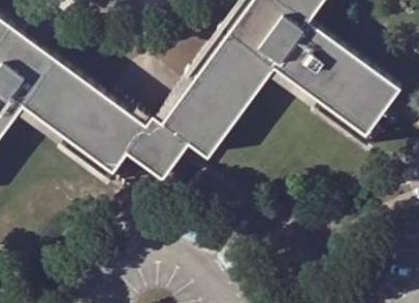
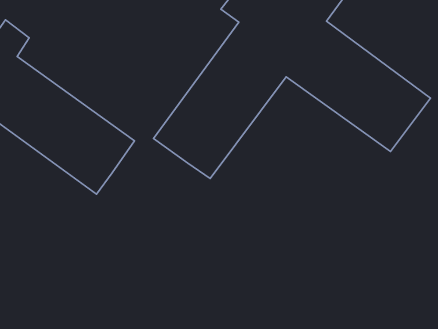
building: [124,116,190,182] -> none

